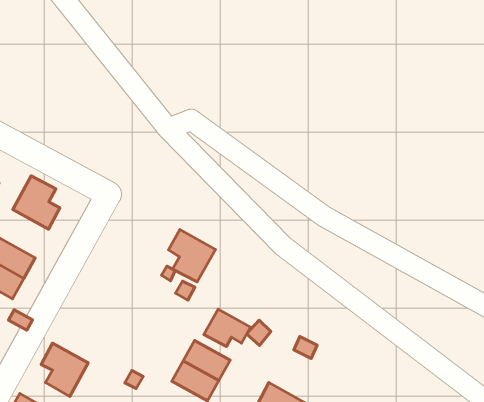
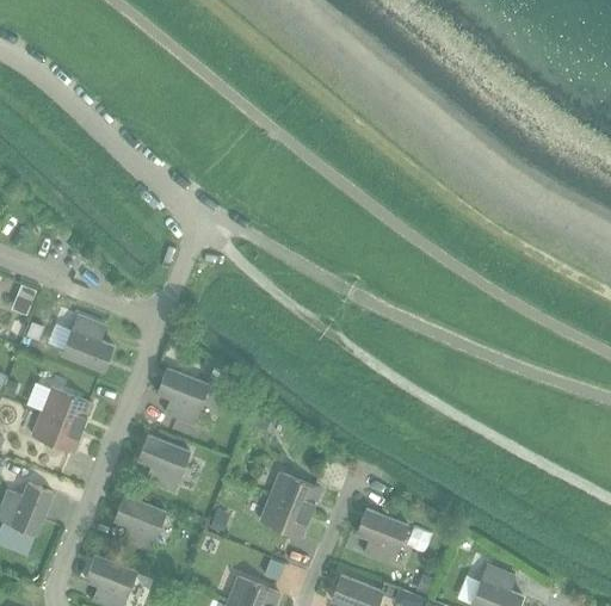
building: [169,230,215,282] -> [158,369,209,423]
building: none -> [138,435,190,491]
building: [204,309,251,347] -> none

